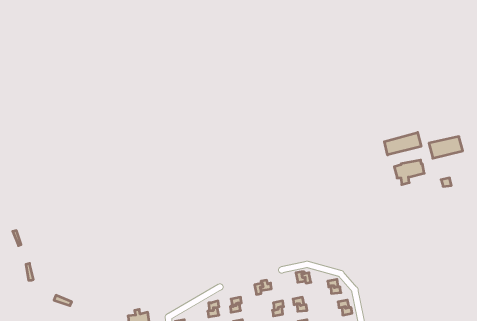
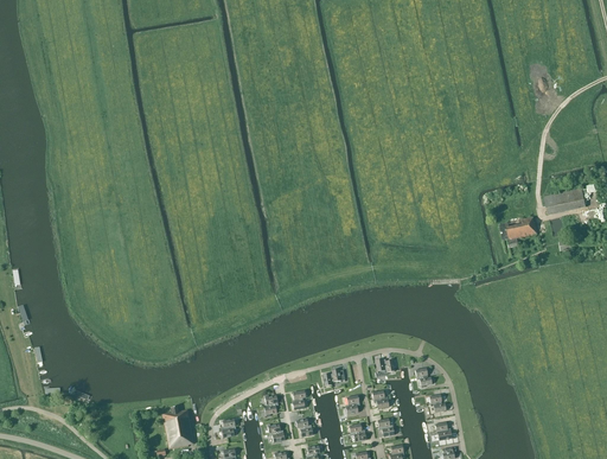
building: [384,132,421,155] -> none

